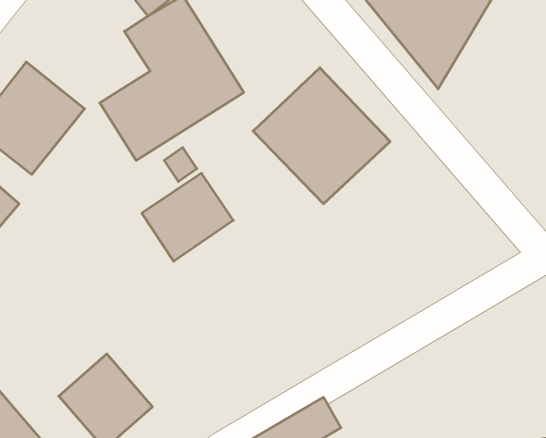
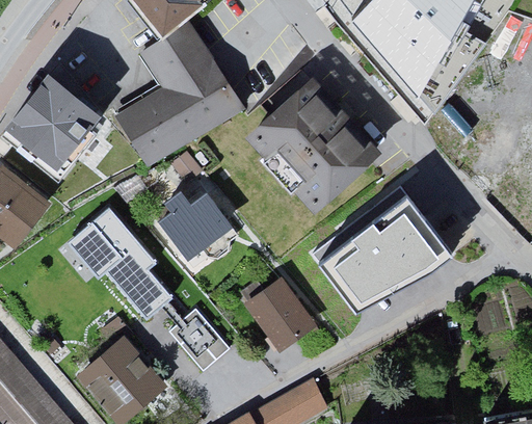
building: none -> [310,189,448,316]
building: none -> [68,208,172,320]
building: none -> [250,279,313,344]
building: none -> [169,310,230,372]

